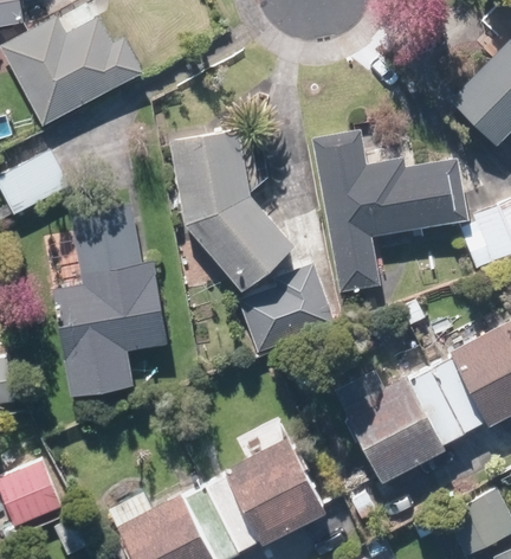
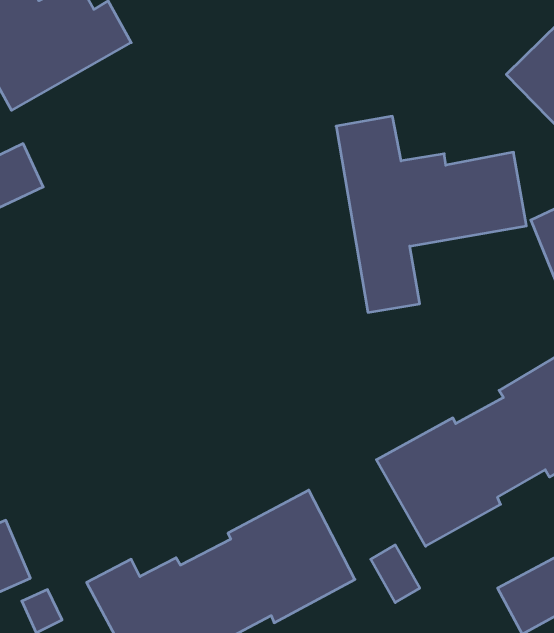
building: [175,131,296,288] -> none
building: [50,201,168,397] -> none
building: [237,269,335,352] -> none

